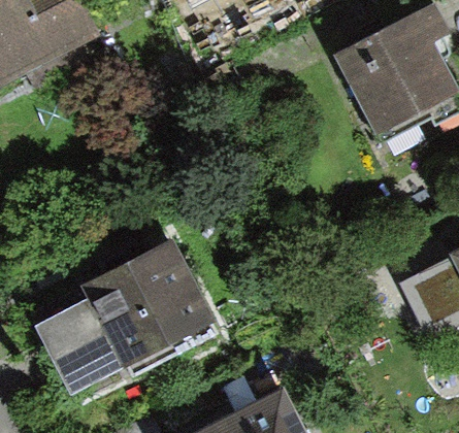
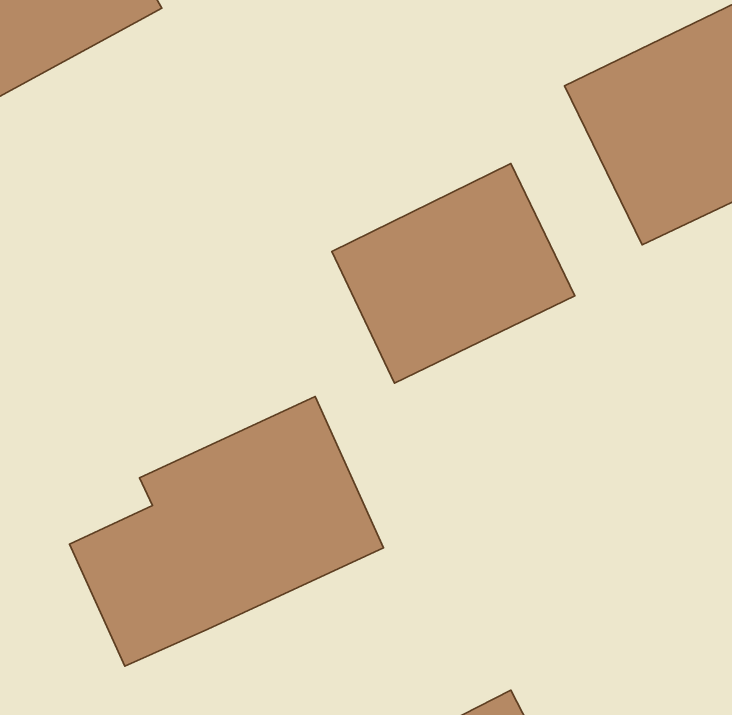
building: none -> [332,163,575,383]

